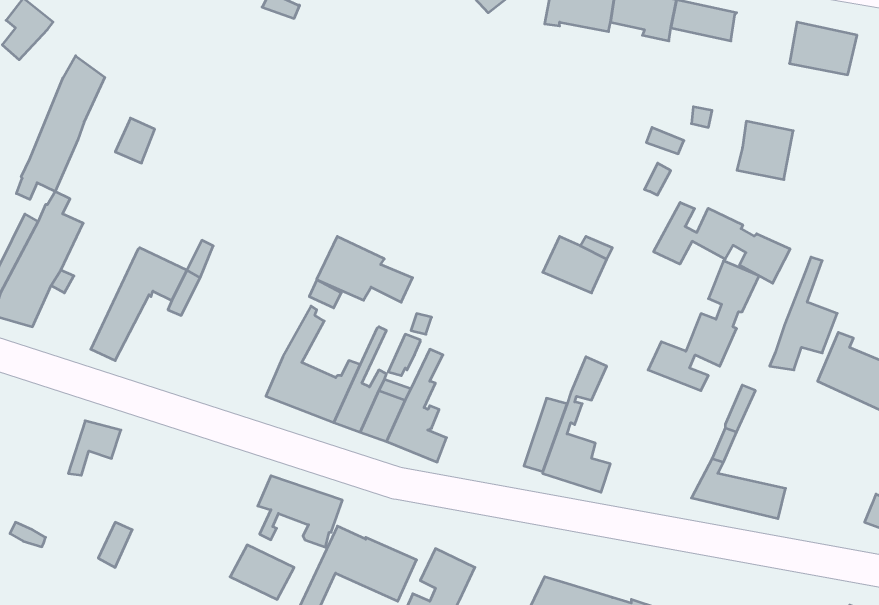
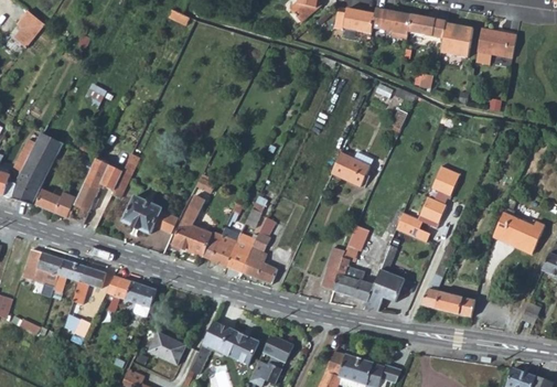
building: [16,56,105,199] -> none
building: [737,121,793,180] -> [439,21,472,55]
building: [654,202,790,283] -> none
building: [317,236,413,302] -> [122,195,179,234]
building: [770,257,837,370] -> [363,245,403,311]
building: none -> [35,190,75,217]
building: none -> [23,248,64,297]
building: none -> [73,265,106,304]
building: [258,476,342,547] -> [106,275,156,316]

